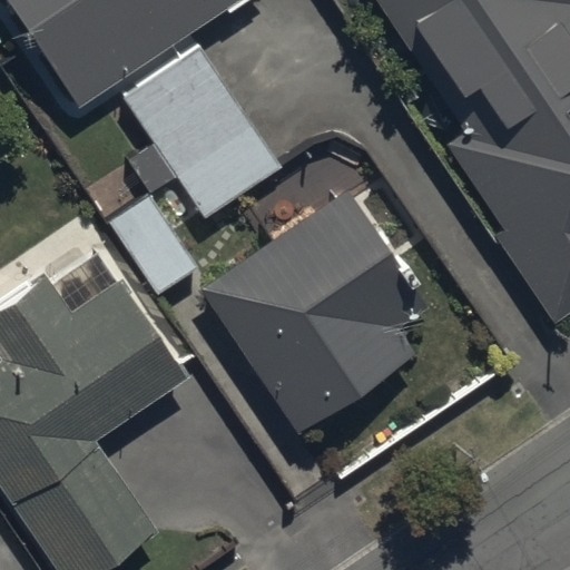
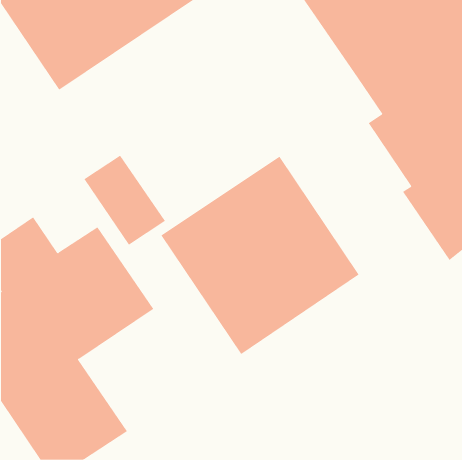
building: [122,46,283,219] -> none

